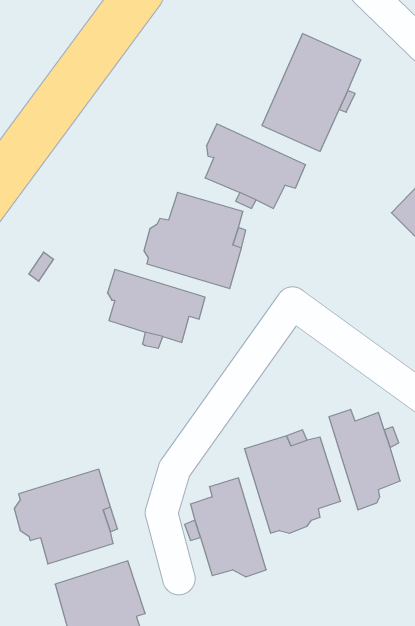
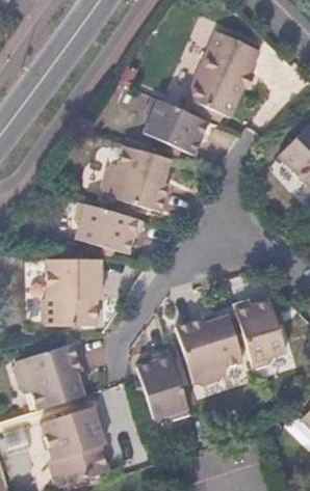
building: none -> [44,257,104,323]

